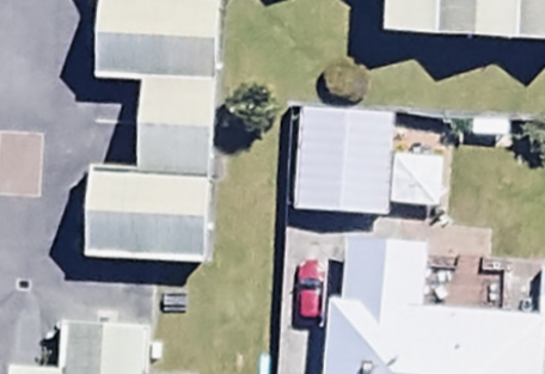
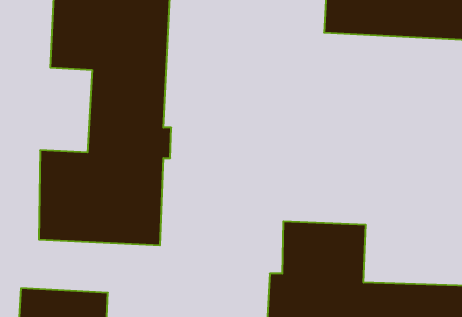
building: [293,106,443,211] -> none

